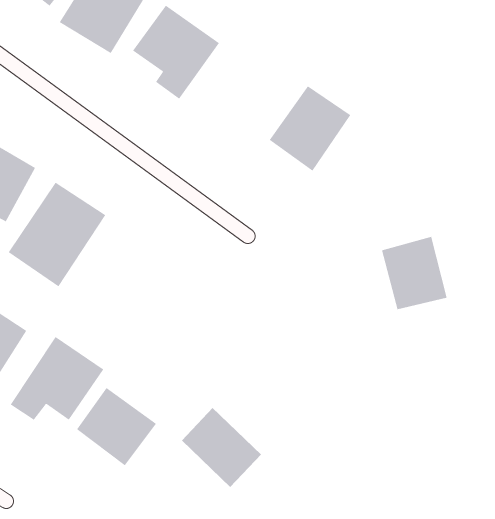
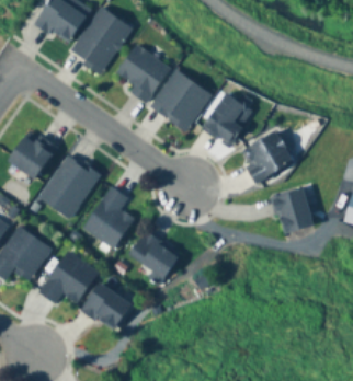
building: none -> [150,69,212,131]
building: none -> [240,130,294,183]
building: none -> [82,185,135,249]
building: [181,407,262,488] -> [128,230,179,280]

